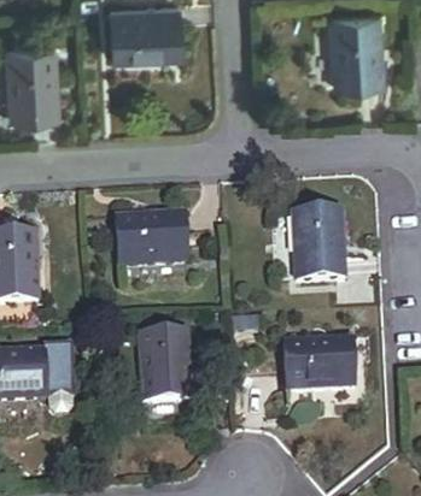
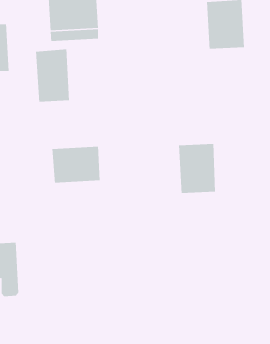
building: none -> [35,49,70,103]
building: [139,331,191,400] -> none
building: [285,337,351,389] -> none

